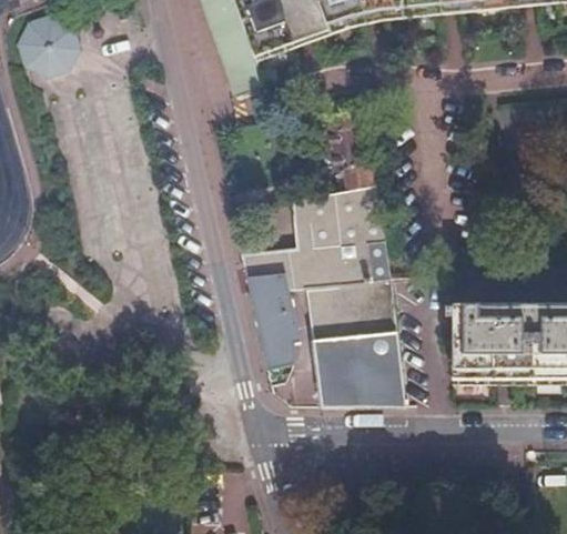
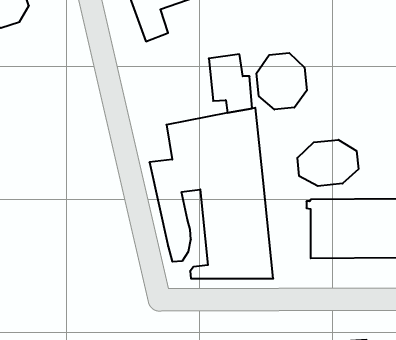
building: none -> [257,53,307,110]
building: none -> [297,140,358,186]

